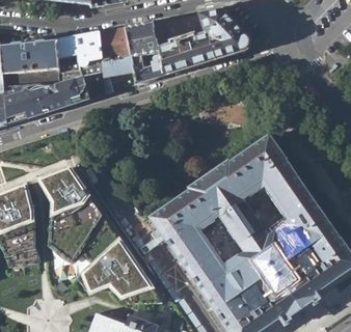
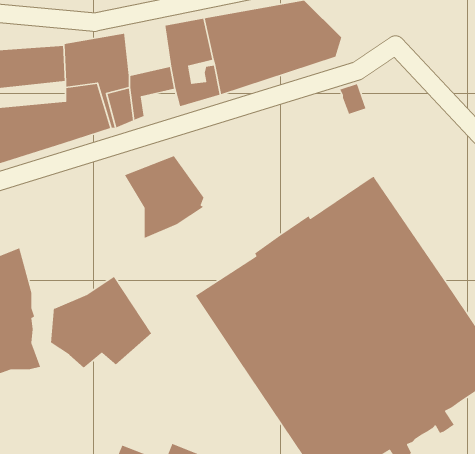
building: [99,28,130,62] -> none
building: [36,164,91,221] -> [124,155,205,239]
building: [80,238,162,302] -> none

